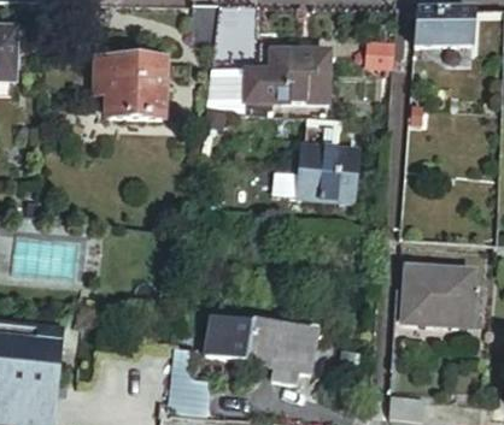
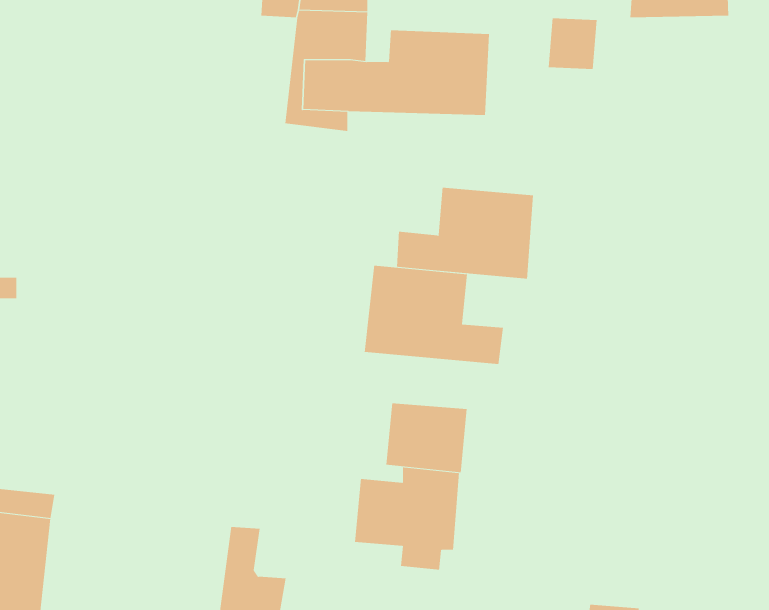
building: [89,59,164,117] -> none
building: none -> [364,265,503,365]
building: [405,271,471,326] -> none
building: [201,319,251,361] -> [386,403,467,473]

